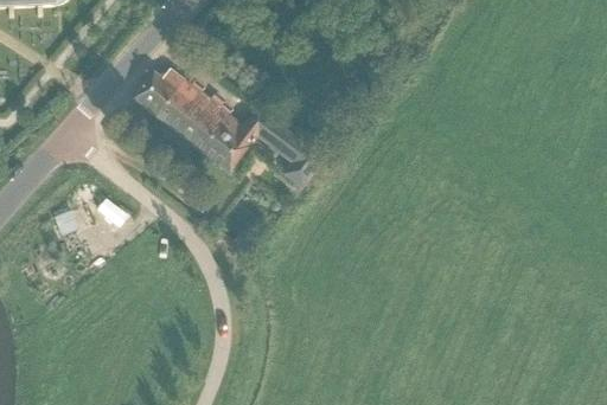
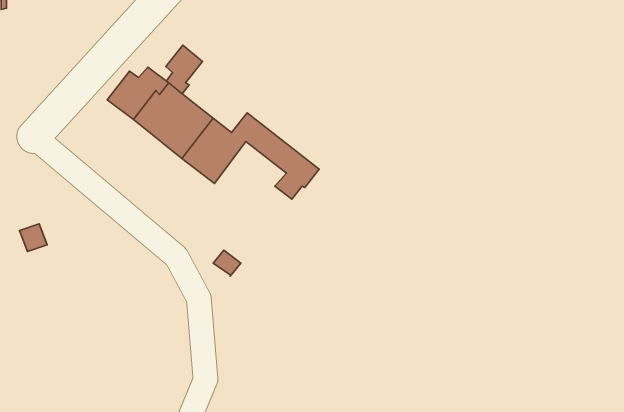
building: none -> [166,45,203,94]

